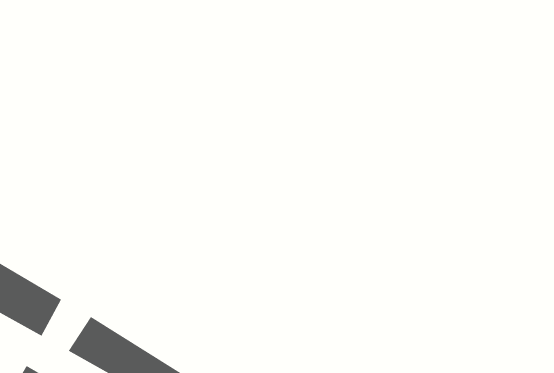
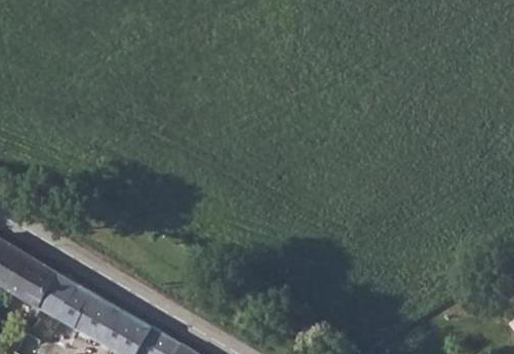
building: none -> [37,271,79,315]

